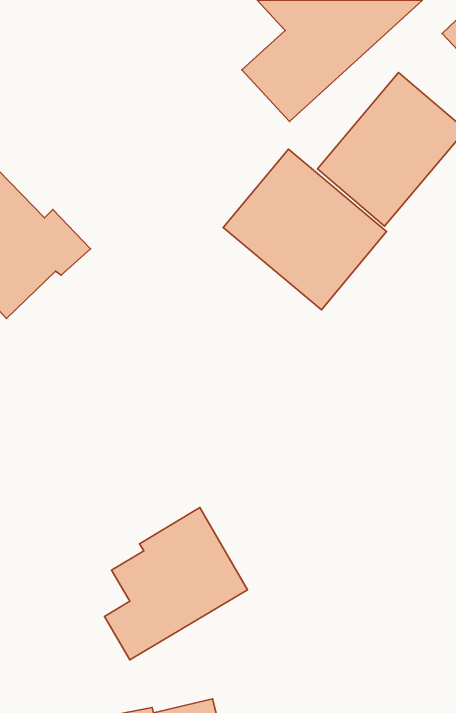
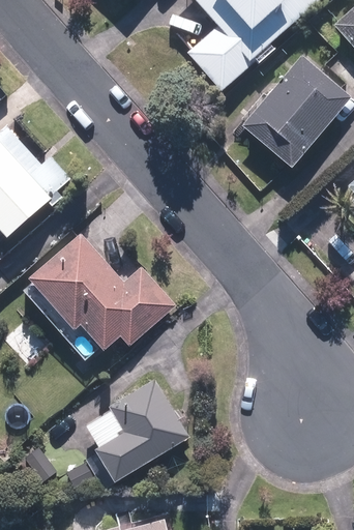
building: [223,149,386,310] -> none
building: none -> [23,231,174,351]

